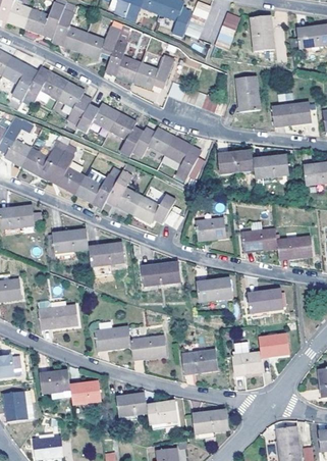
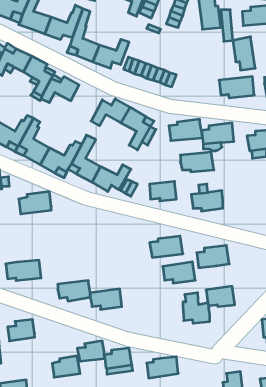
building: [235,73,260,110] -> [233,37,255,70]
building: [109,111,142,155] -> none
building: [276,236,313,257] -> [180,152,214,172]
building: [88,242,124,268] -> none
building: [142,261,180,286] -> none
building: [181,349,217,372] -> [163,262,195,283]
building: [69,380,100,404] -> [52,356,80,377]

